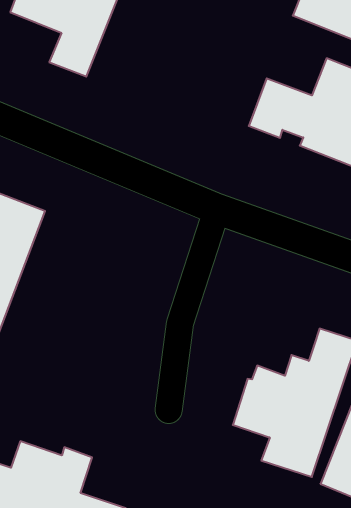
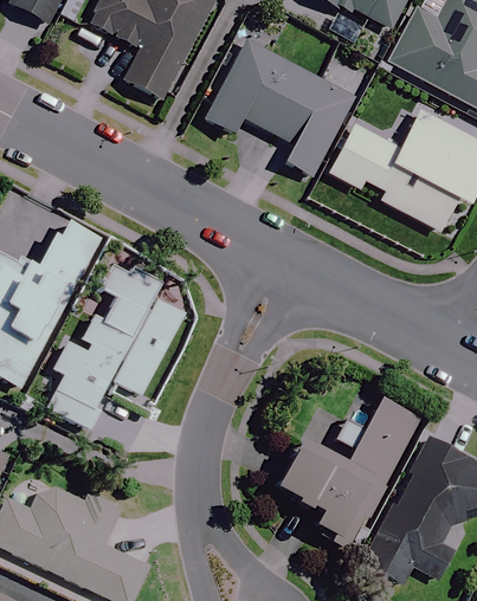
building: none -> [204,39,356,176]
building: none -> [49,259,186,431]

